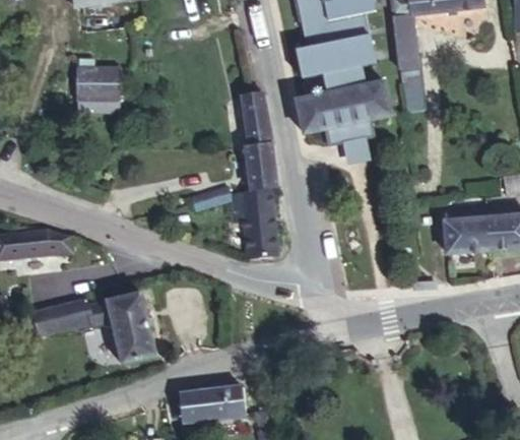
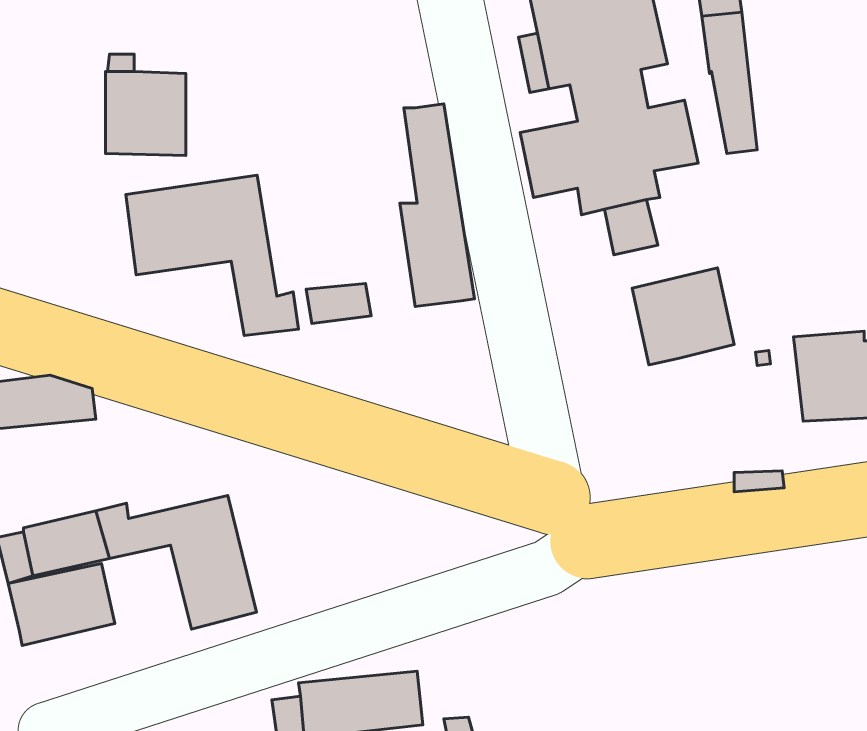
building: none -> [126,175,299,335]
building: none -> [632,268,734,365]
building: [223,190,273,248] -> none
building: none -> [8,564,115,645]

